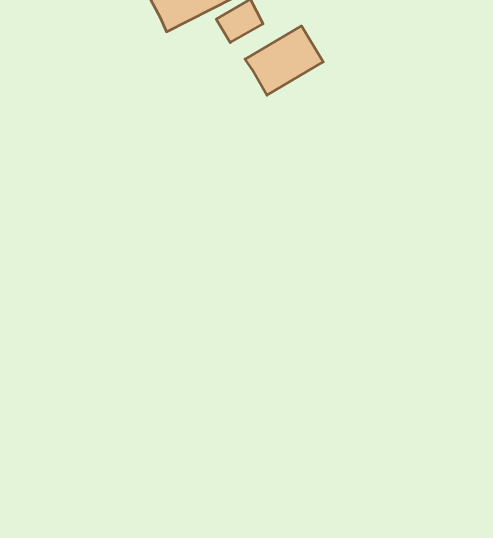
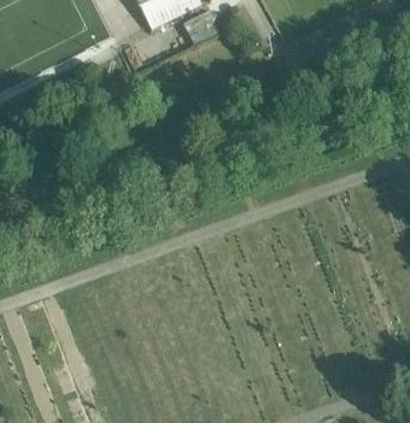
building: [245,26,323,95] -> none

